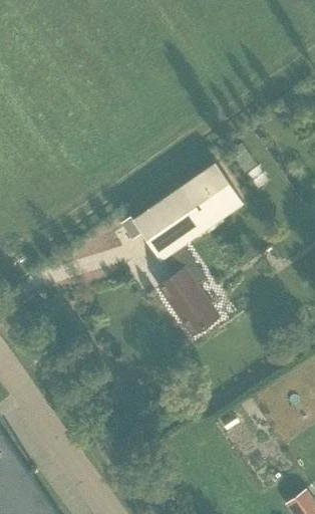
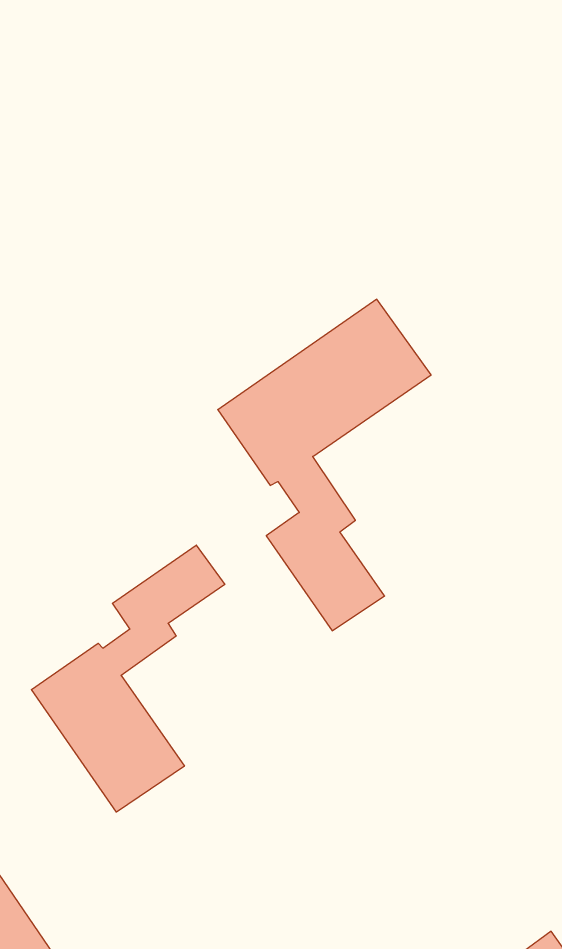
building: none -> [31,545,225,812]

